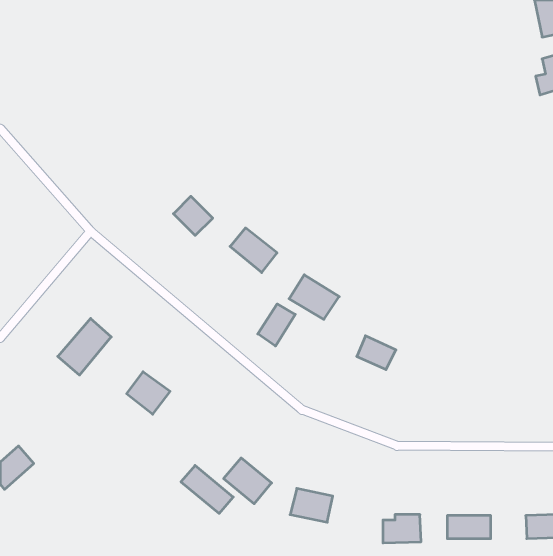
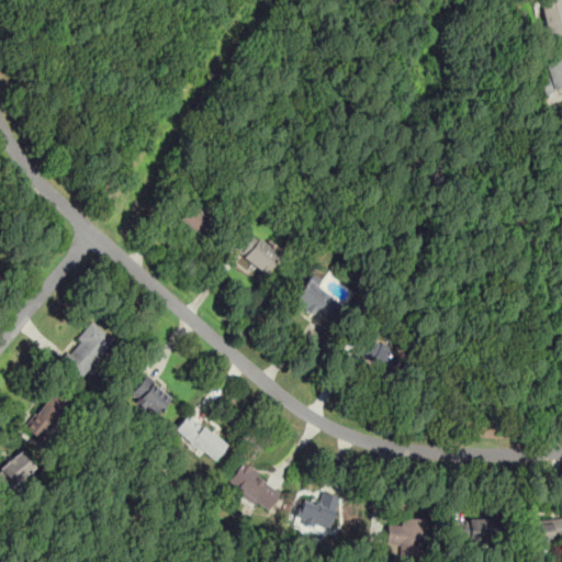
building: [258,304,295,346] -> none
building: none -> [27,391,71,441]
building: [181,465,233,513] -> [177,414,229,462]

